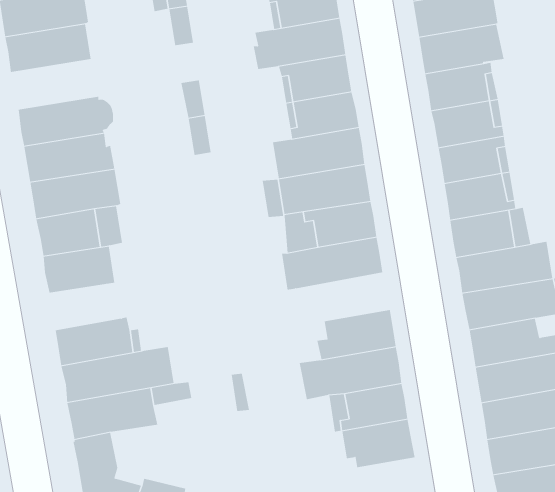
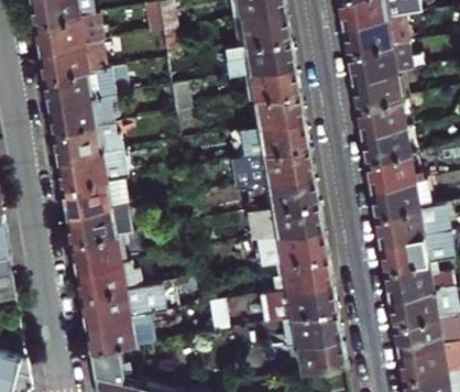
building: none -> [44,65,129,106]
building: none -> [256,227,327,265]
building: none -> [73,236,127,270]

